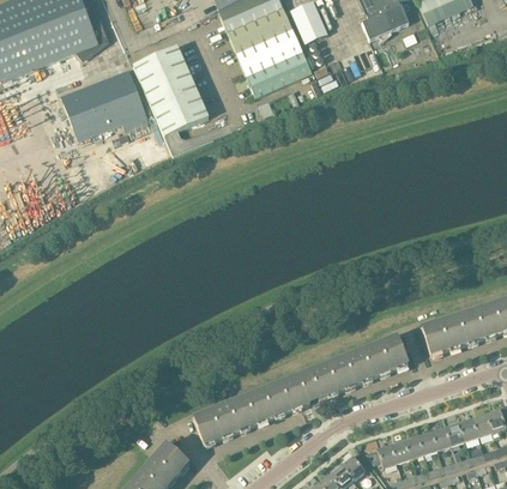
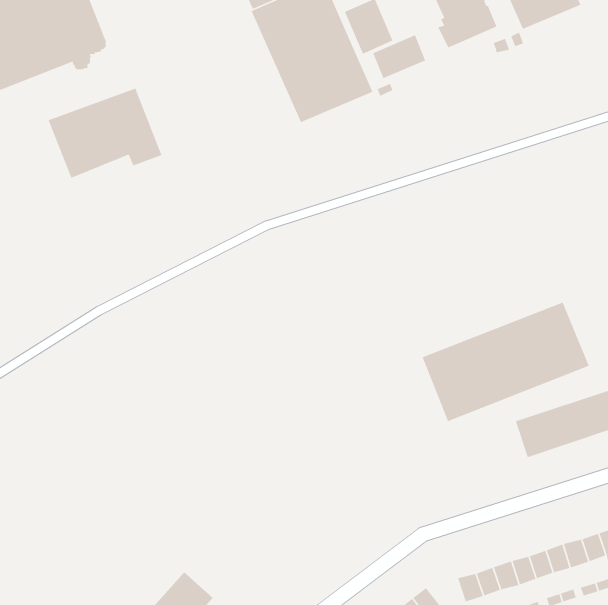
building: none -> [372,34,426,79]
building: [133,44,207,135] -> none
building: none -> [422,302,590,422]
building: [193,334,408,443] -> none

